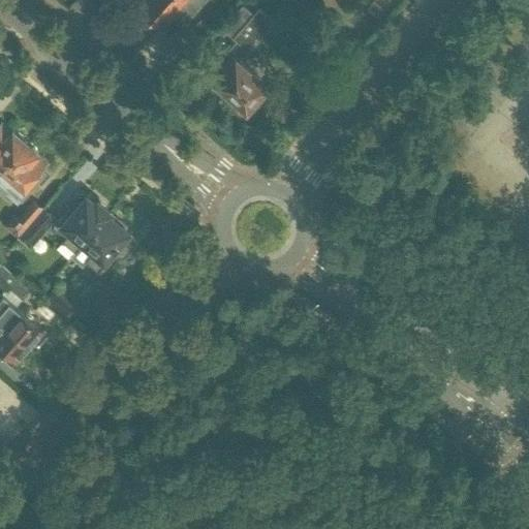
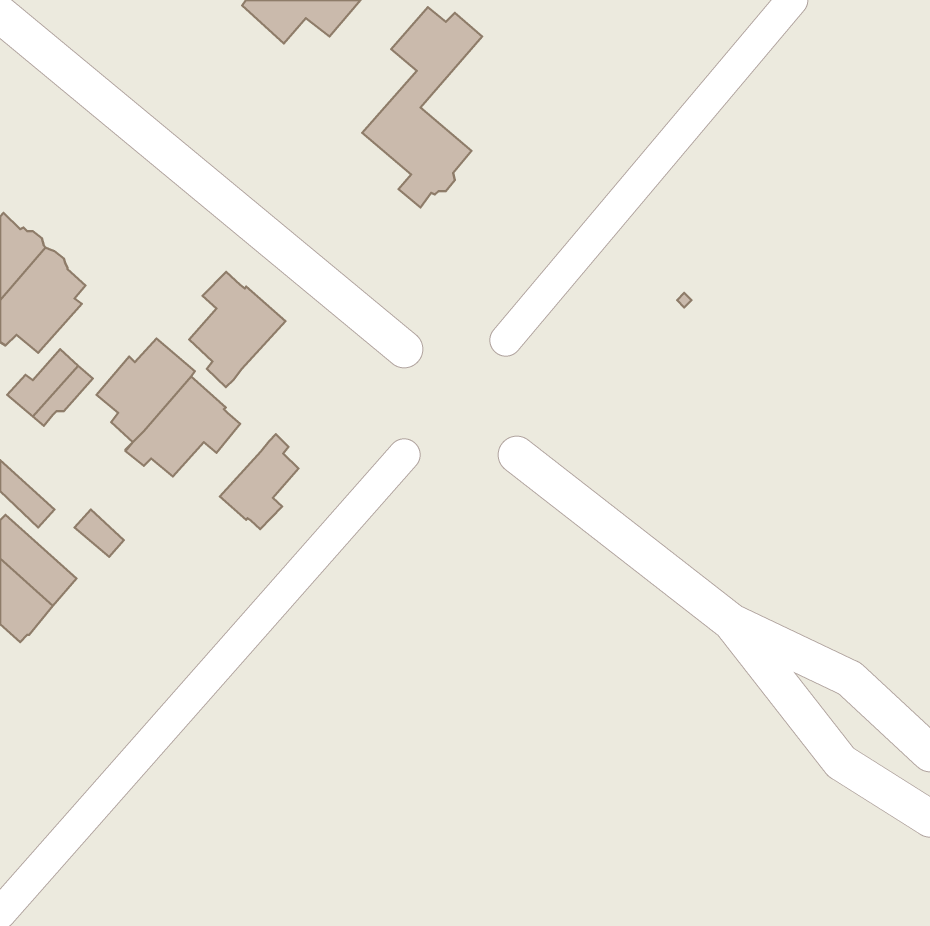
building: none -> [189,272,286,387]
building: none -> [220,434,299,529]

